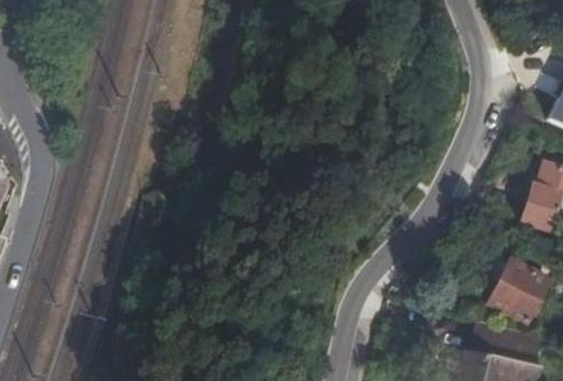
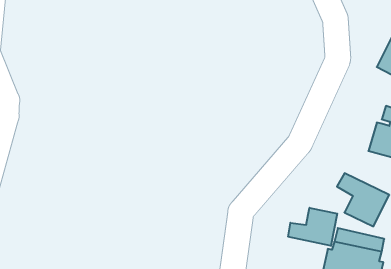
building: none -> [288,208,337,246]

